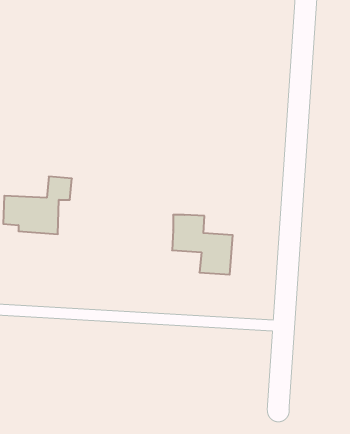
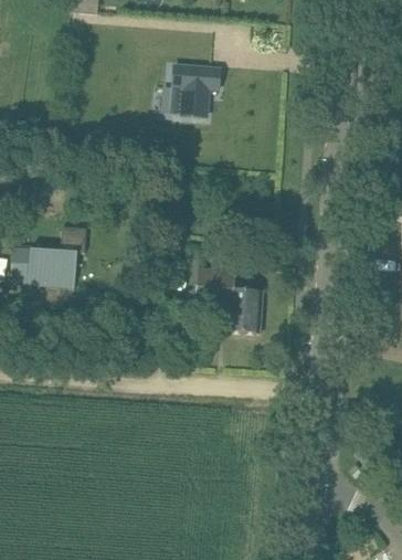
building: none -> [171,64,220,115]

